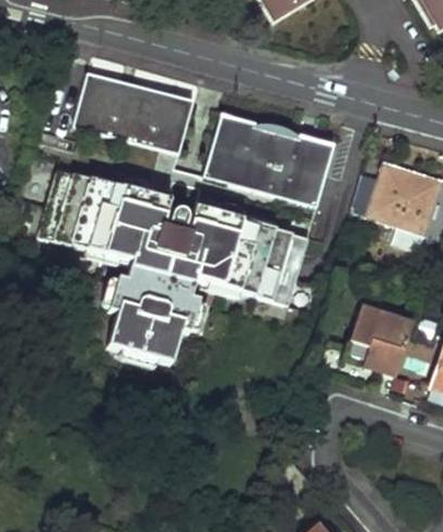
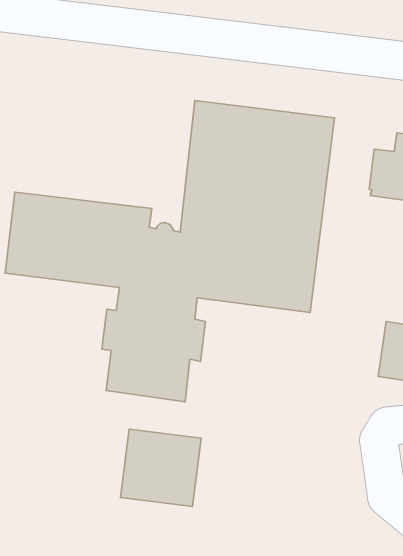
building: [73,71,193,152] -> none
building: none -> [121,429,201,507]

